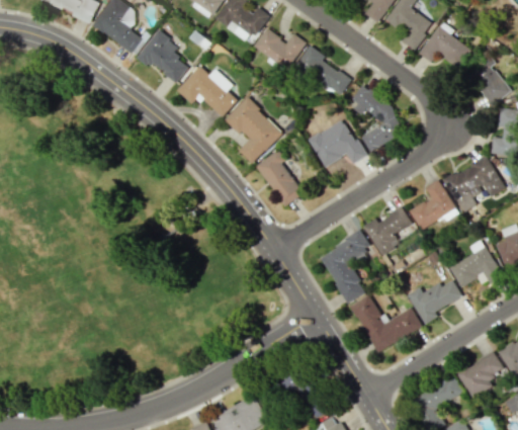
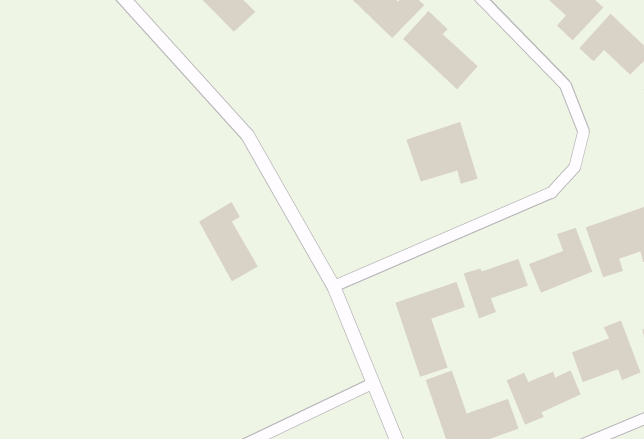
building: [177,65,238,116] -> none
building: [352,84,402,152] -> none
building: [226,97,283,163] -> none
building: [256,149,304,205] -> [198,201,259,282]

